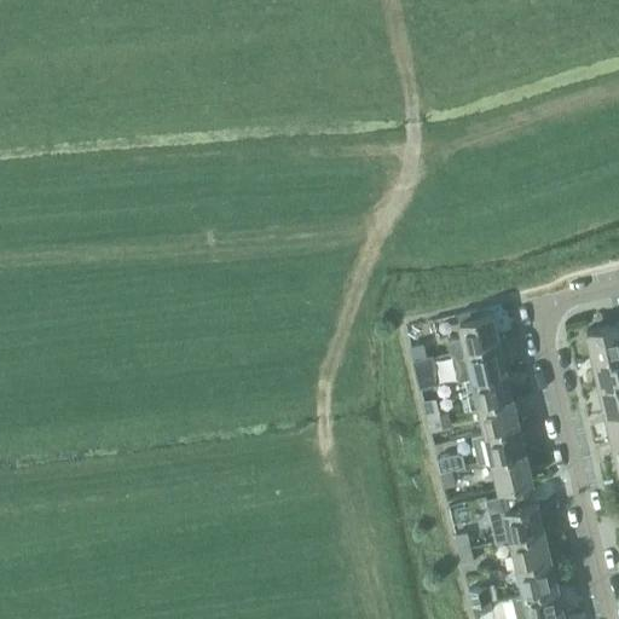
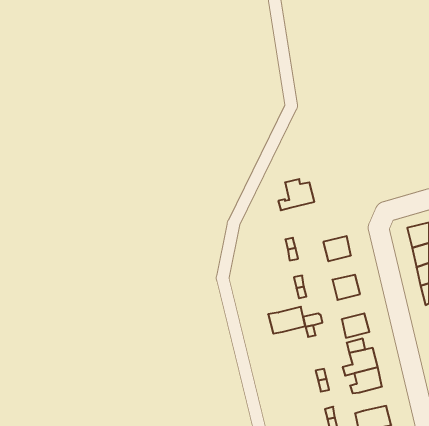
building: [447,312,499,357] -> [278,179,314,210]
building: [461,372,511,411] -> none
building: [472,428,525,467] -> [268,307,305,334]
building: [517,561,556,596] -> none

